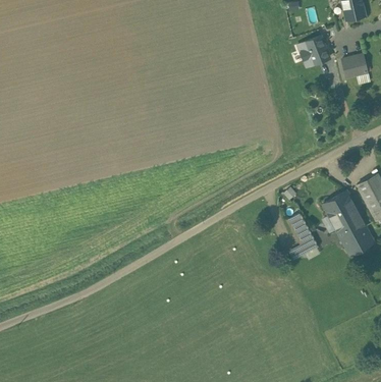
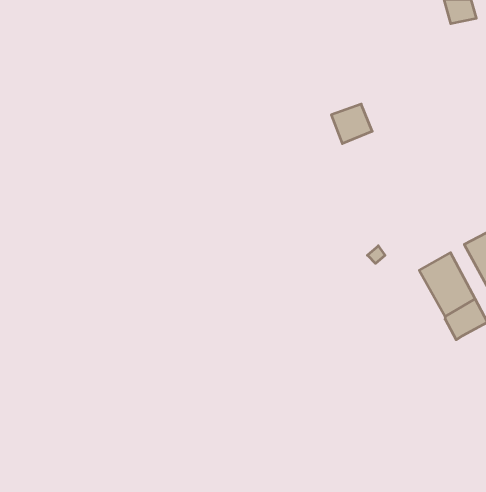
building: [298,38,329,67] -> [331,104,372,144]
building: [342,55,368,78] -> none
building: [287,213,315,245] -> none

